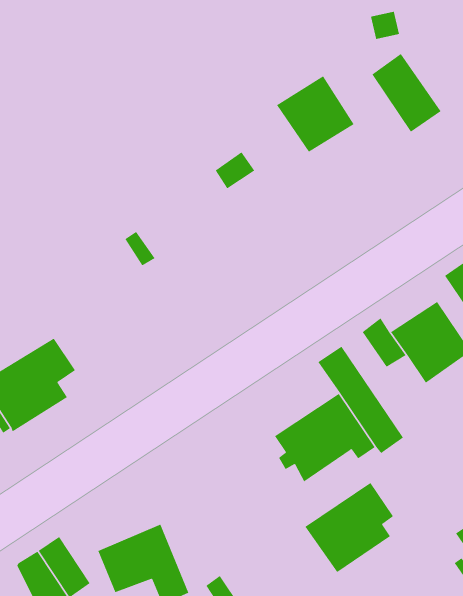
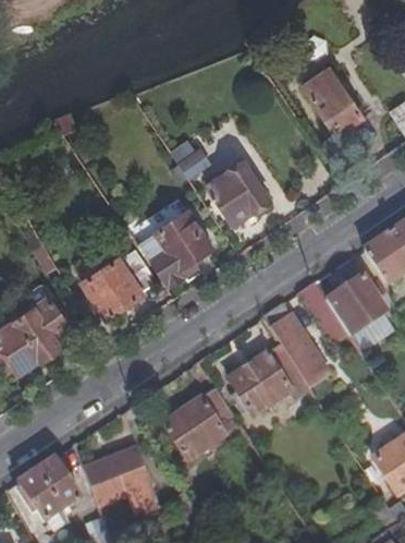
building: [276,76,355,152] -> [208,160,271,222]
building: none -> [147,212,211,286]
building: none -> [83,244,160,317]
building: [305,482,394,573] -> [161,387,233,460]

